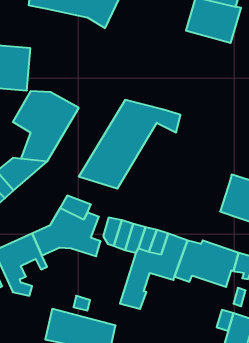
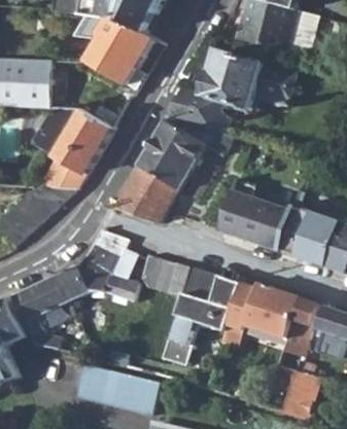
building: none -> [74,11,152,88]
building: none -> [167,52,293,130]
building: none -> [219,181,290,249]

